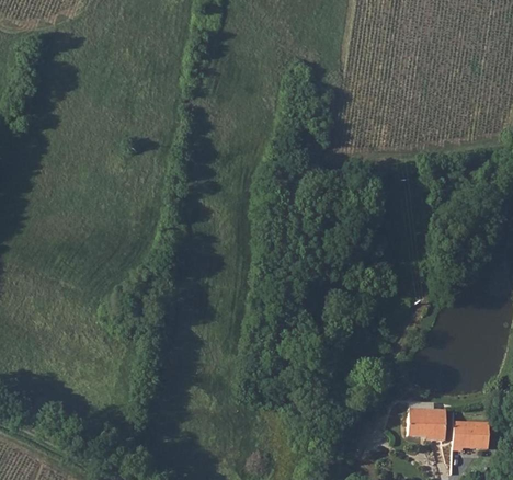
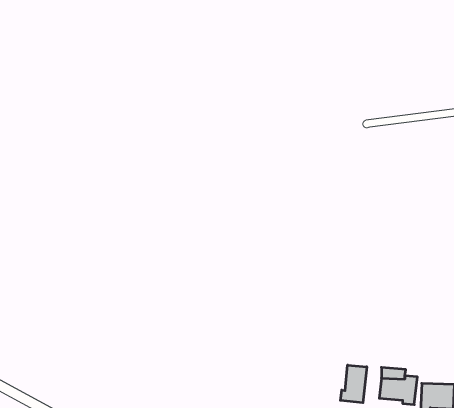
building: none -> [340,365,367,403]

